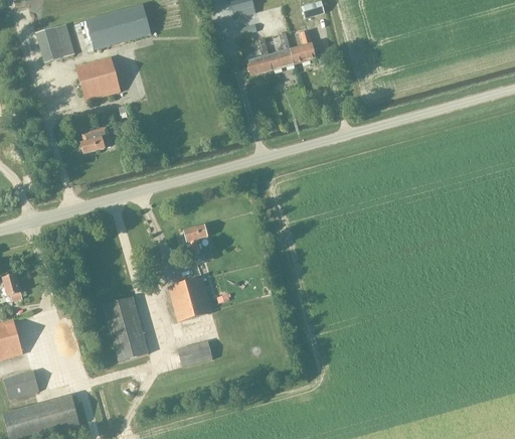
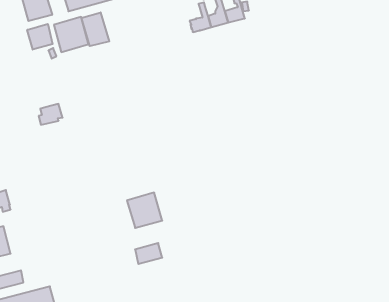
building: none -> [82,12,109,46]
building: none -> [27,24,53,50]
building: [79,127,110,153] -> [39,104,63,125]
building: [183,225,207,255] -> none
building: [103,296,149,361] -> none

